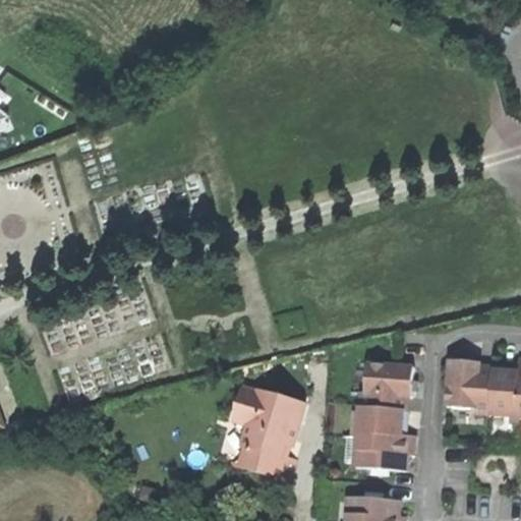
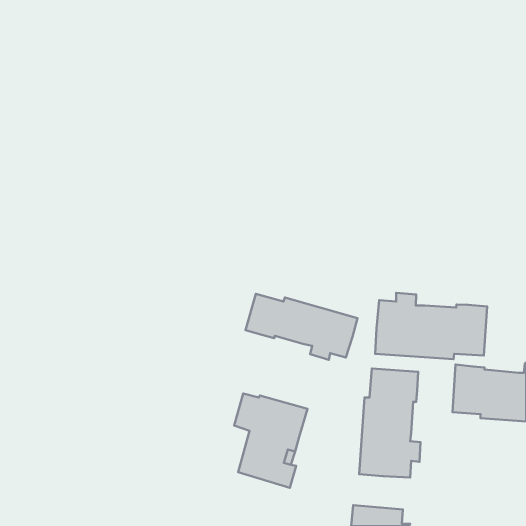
building: none -> [375,293,487,359]
building: none -> [246,294,357,360]

